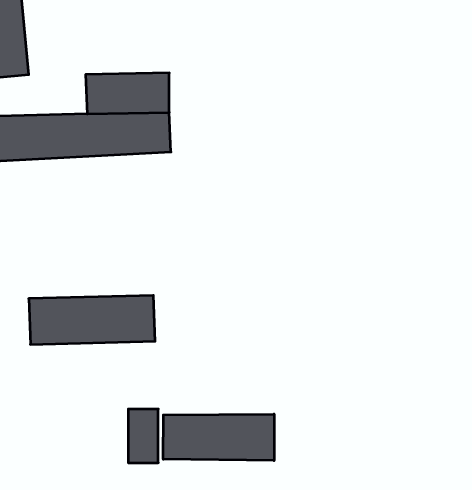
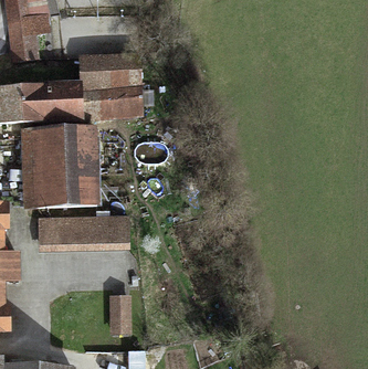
building: none -> [24,128,96,200]
building: [163,414,274,461] -> none

